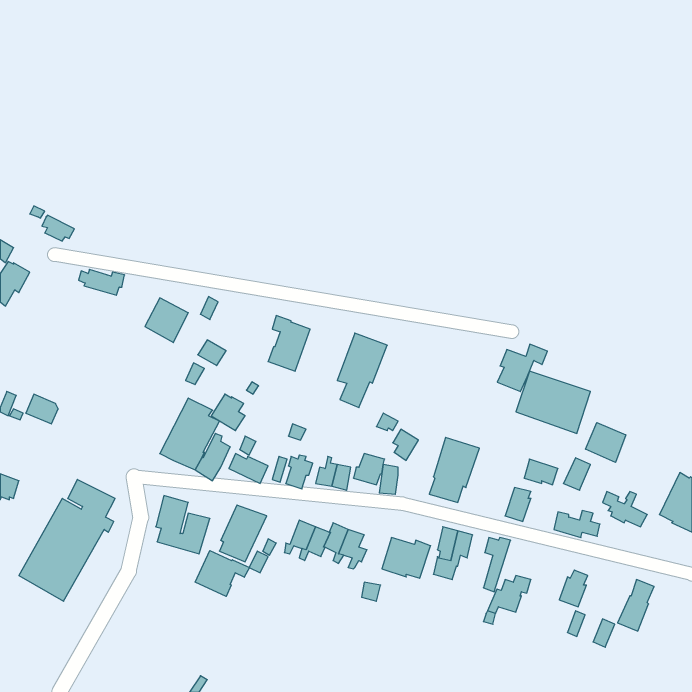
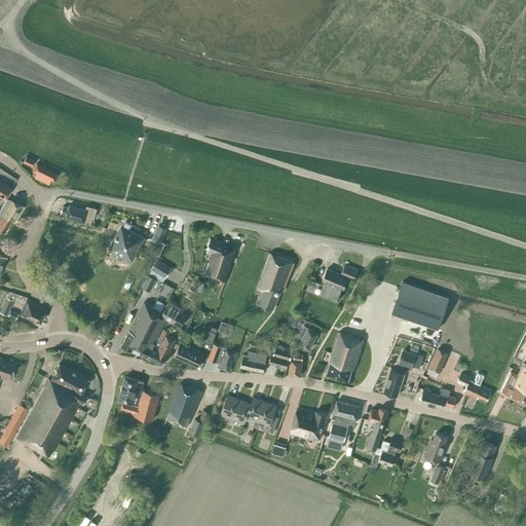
building: [497,344,547,392] -> [320,264,358,300]
building: [586,423,626,462] -> none
building: [195,551,250,596] -> none

